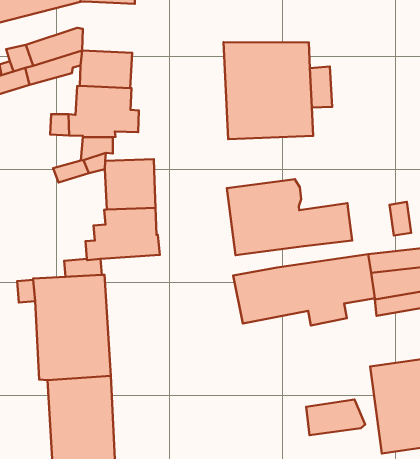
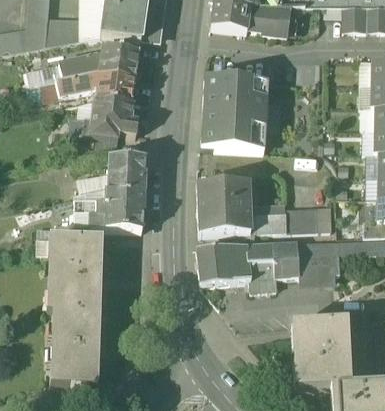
building: none -> [100,44,140,77]
building: none -> [286,206,318,230]
building: none -> [73,191,106,226]
building: [306,399,365,435] -> none

